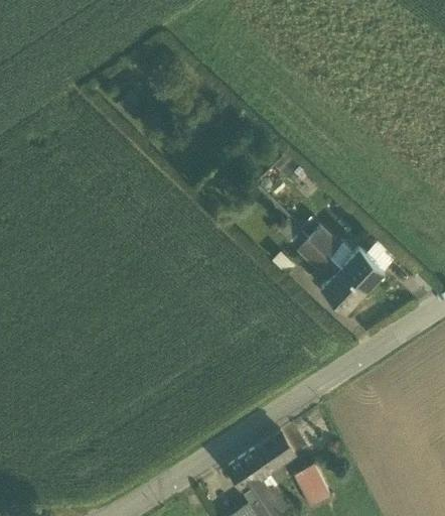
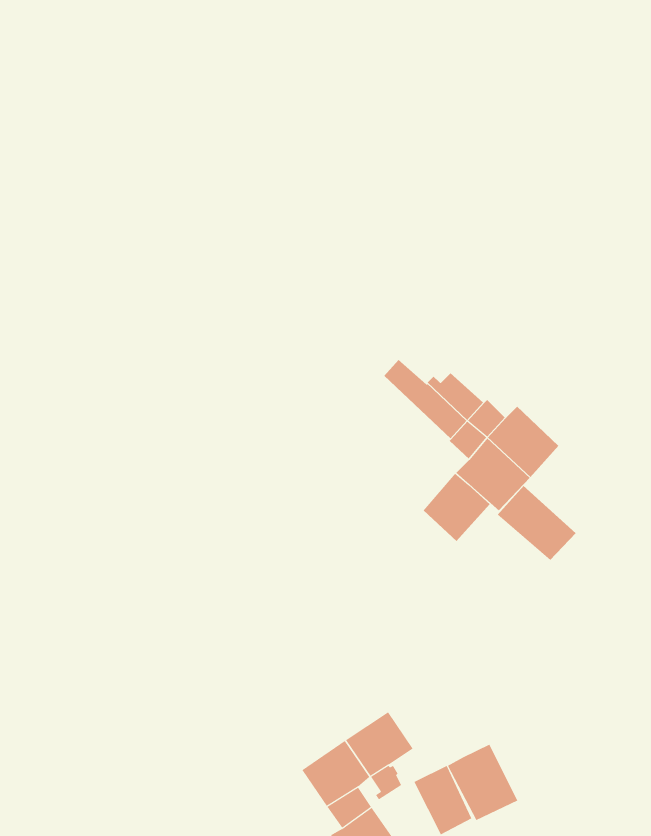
building: none -> [423,473,491,542]
building: none -> [497,485,576,561]
building: none -> [447,744,518,821]

